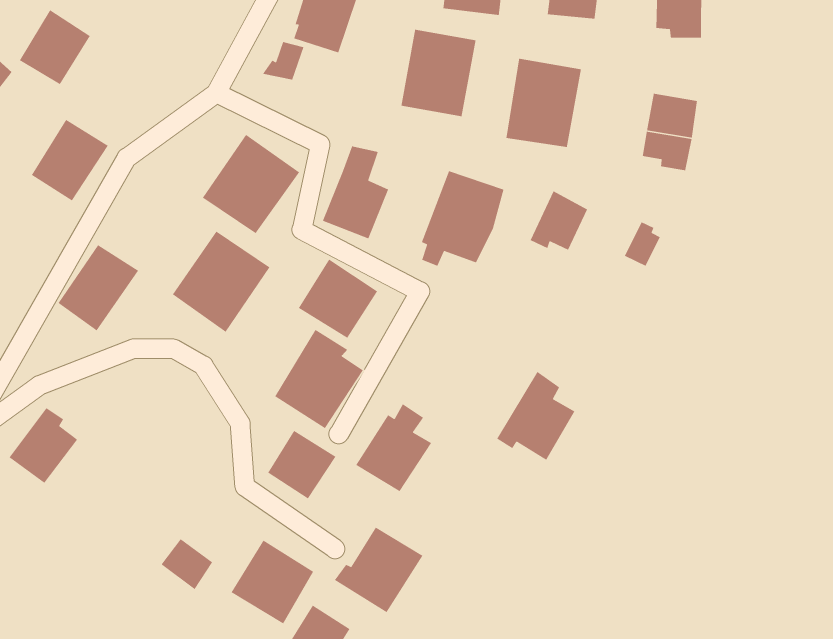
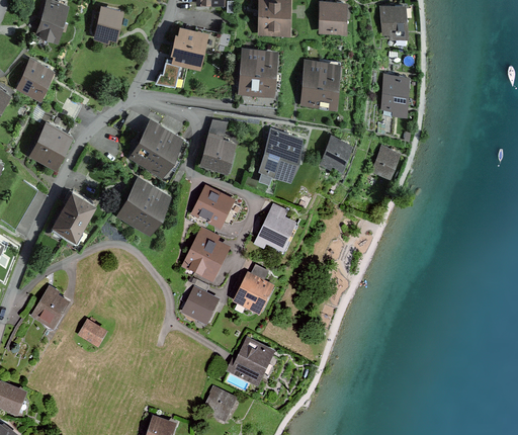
building: [496,371,575,461] -> [253,204,297,256]
building: [161,538,213,590] -> [76,321,106,350]
building: [230,540,314,624] -> none

